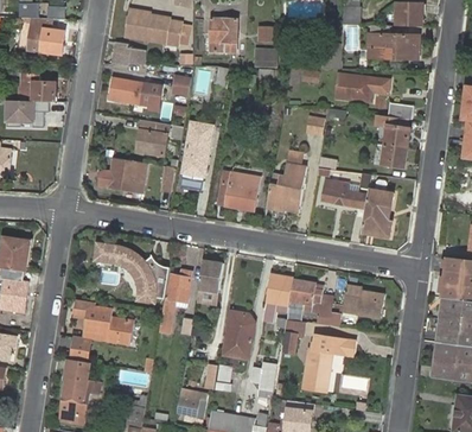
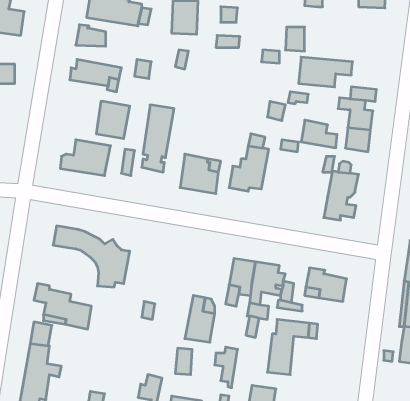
building: [369,36,419,59] -> none
building: [323,179,358,207] -> [301,120,337,148]
building: [198,260,223,292] -> none
building: [161,269,191,323] -> none

